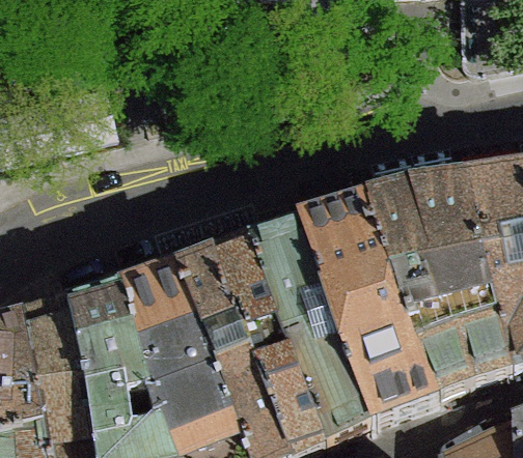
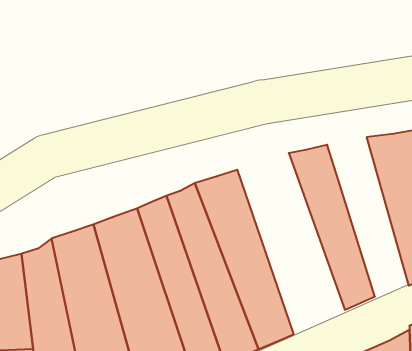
building: [411,181,512,378] -> none
building: [300,201,433,425] -> none

